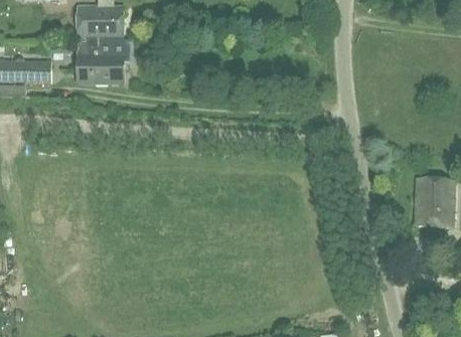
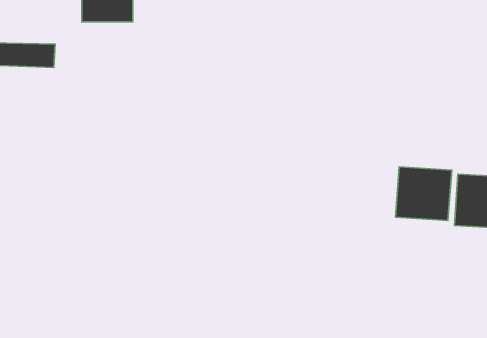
building: [75,39,131,83] -> none
building: none -> [395,167,452,221]

